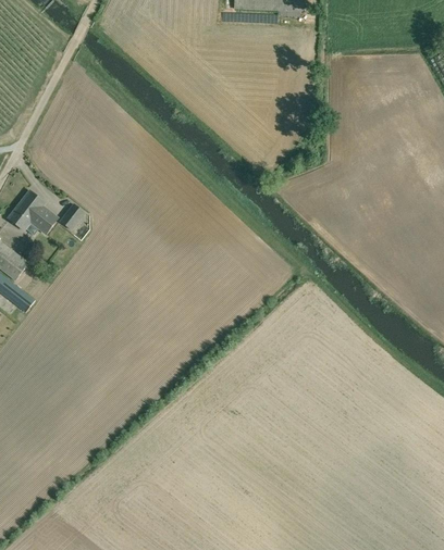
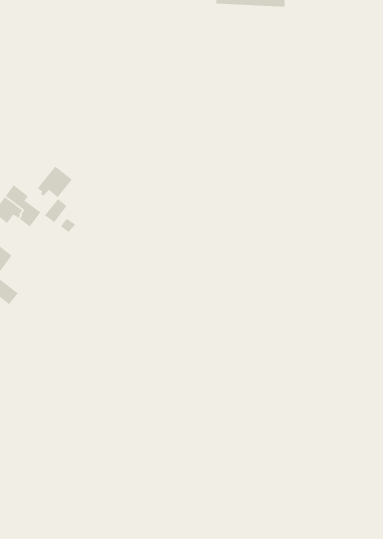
building: none -> [37,166,73,198]

